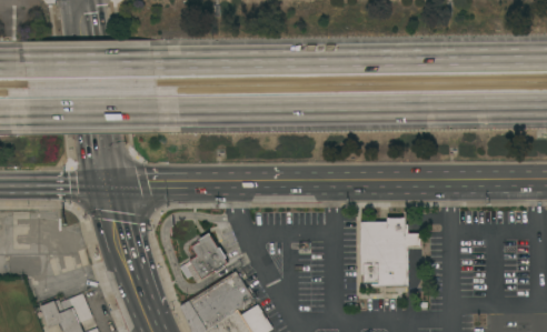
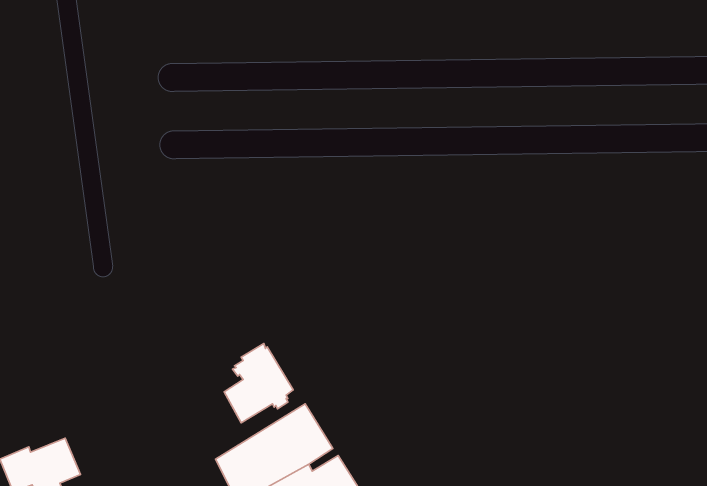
building: [360,218,420,286] -> none

